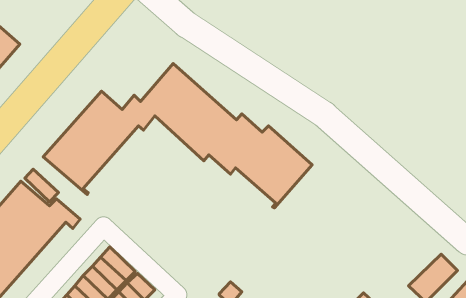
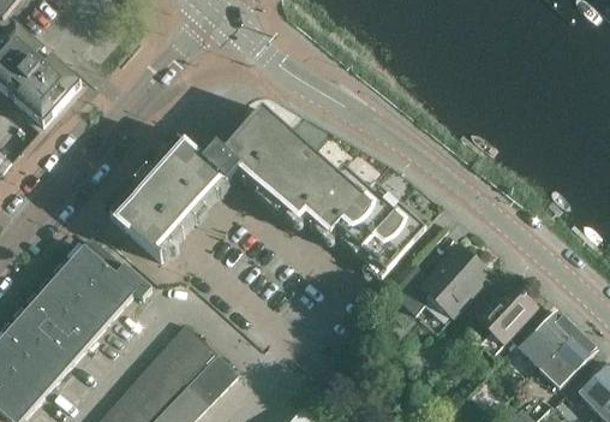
building: none -> [390,244,491,319]
building: none -> [467,290,537,356]
building: none -> [516,311,576,368]

